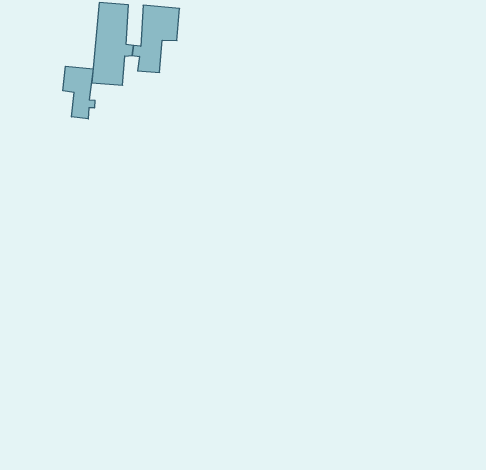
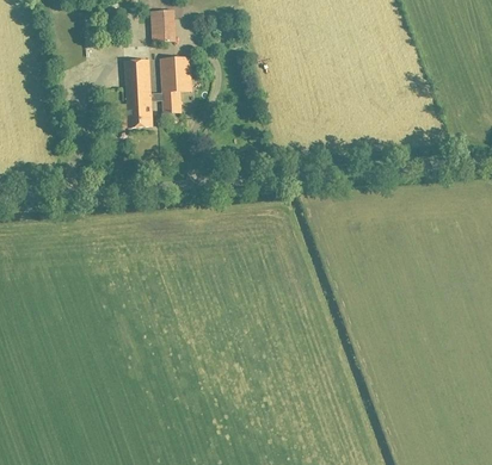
building: [63,66,95,119] -> none

